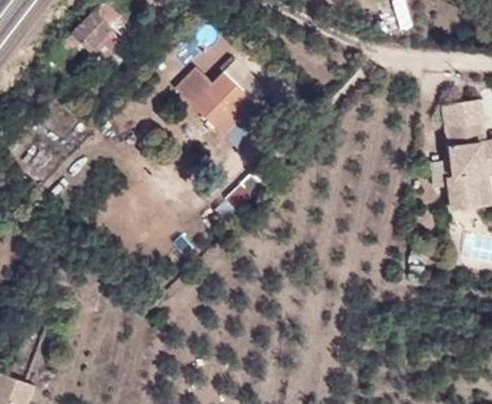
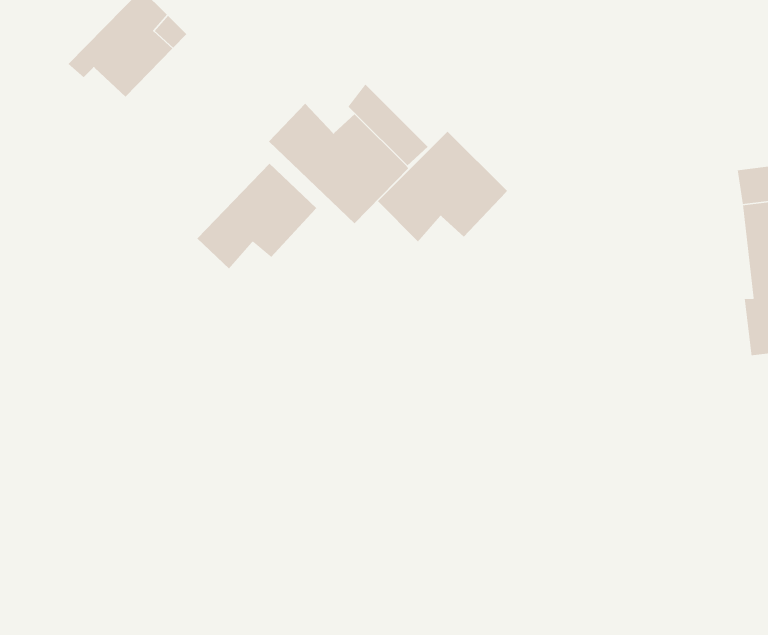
building: none -> [377,131,508,242]
building: none -> [197,163,317,270]

